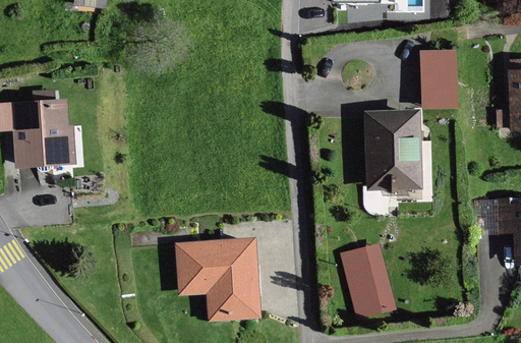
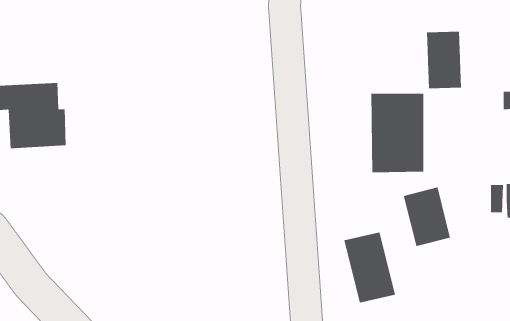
building: none -> [403,187,451,247]
building: [179,240,258,318] -> none

